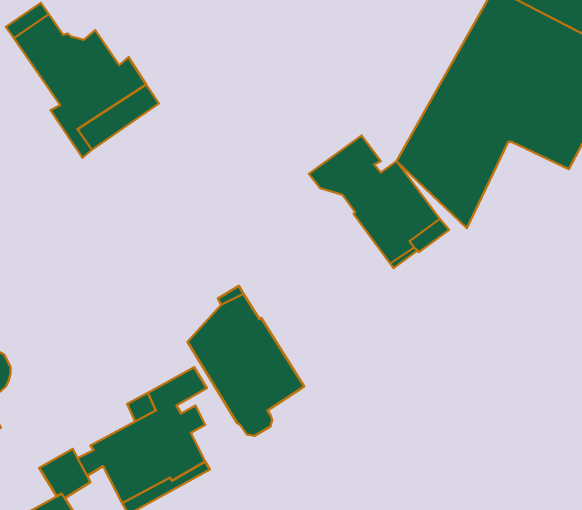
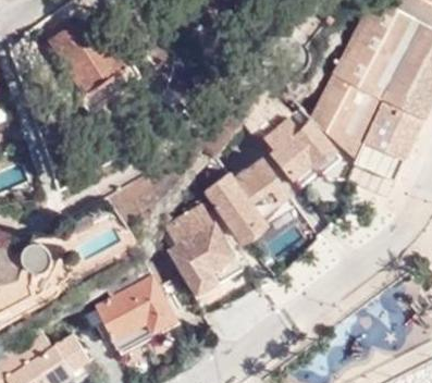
building: none -> [354,102,421,184]
building: none -> [199,153,301,239]

